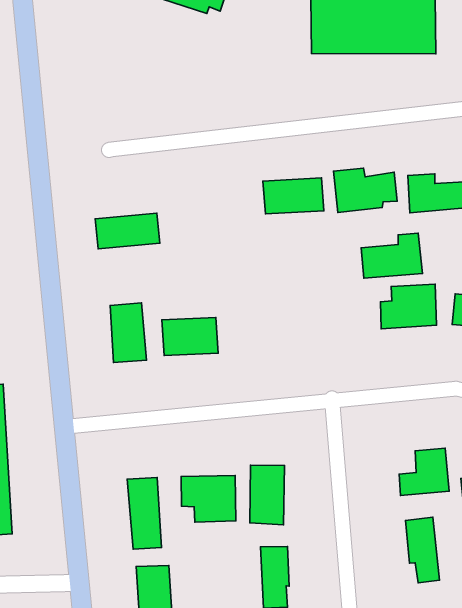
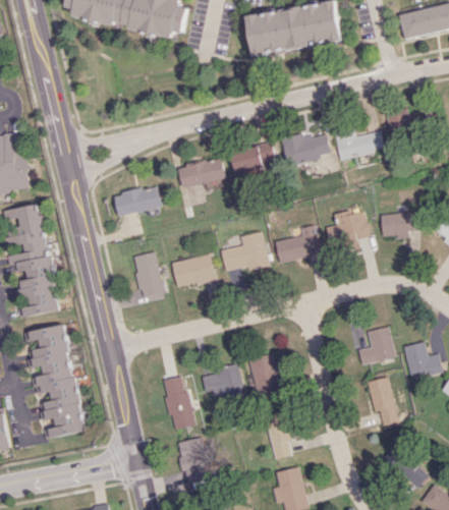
building: none -> [178,158,225,187]
building: [361,233,423,278] -> [275,225,322,263]
building: none -> [221,231,269,274]

